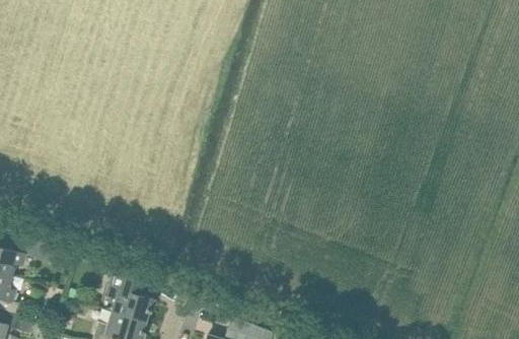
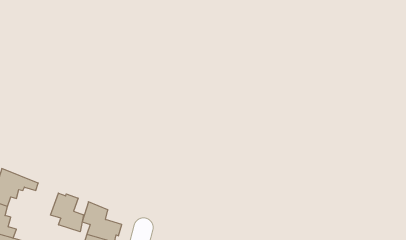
building: none -> [51,193,83,232]

